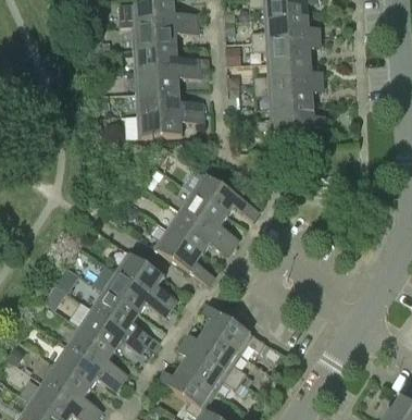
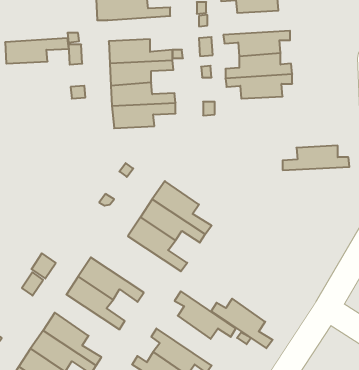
building: [252,16,321,41] -> none
building: [134,22,199,48] -> [5,38,69,64]
building: [257,104,325,129] -> [283,146,349,170]
building: [183,168,259,219] -> none
building: [116,251,176,306] -> none
building: [70,301,146,351] -> none
building: [184,330,247,381] -> [211,299,273,348]

